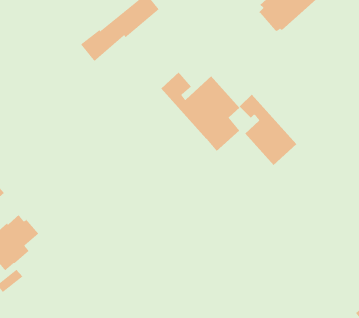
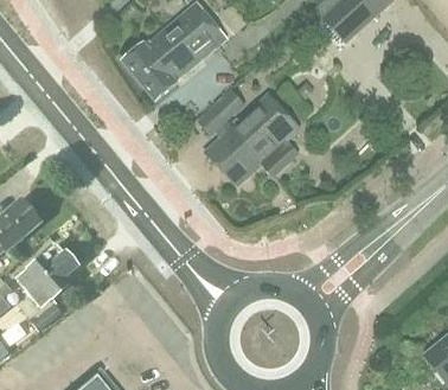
building: none -> [137,19,225,98]
building: [239,94,297,166] -> [197,107,261,186]

